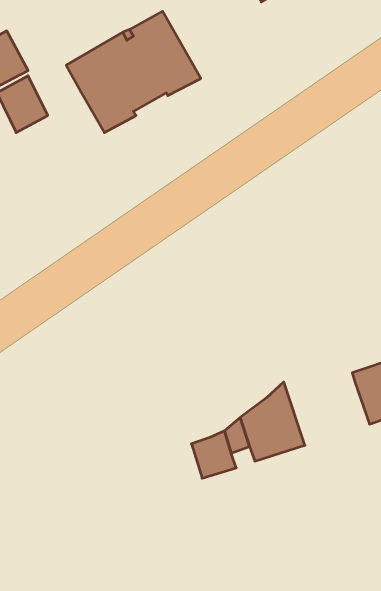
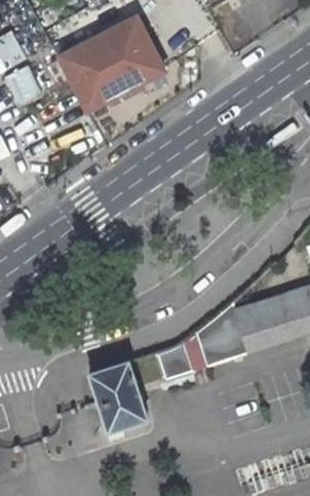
building: none -> [237,304,297,353]
building: none -> [89,360,148,432]

